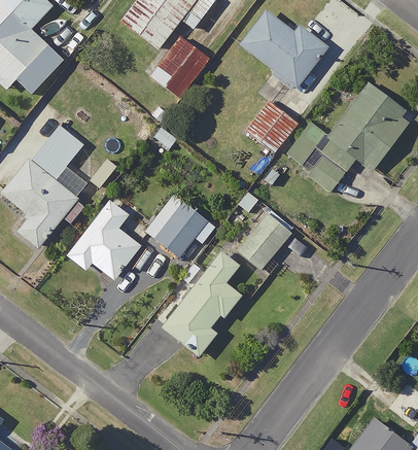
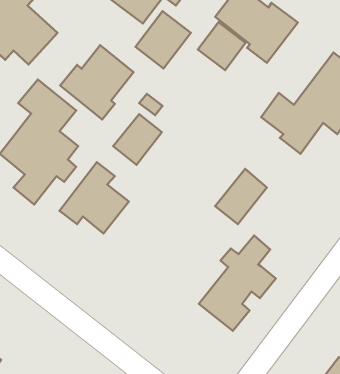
building: none -> [60,45,133,119]
building: [246,101,299,153] -> [198,22,246,70]
building: [155,202,209,257] -> [113,114,162,165]
building: [161,250,245,355] -> [199,235,276,331]

